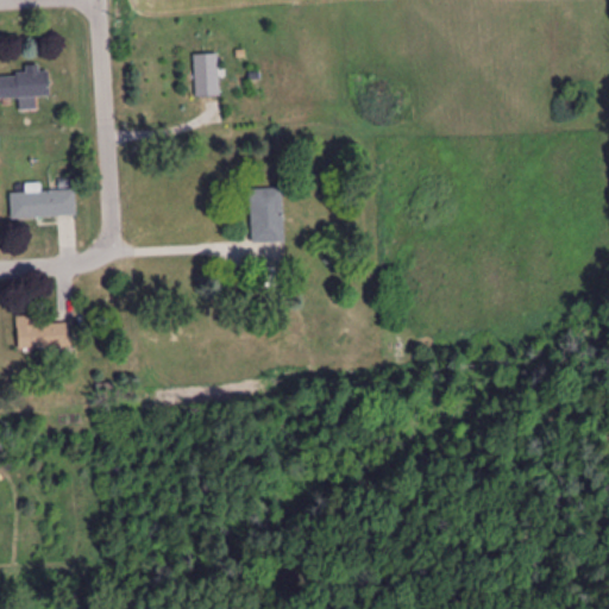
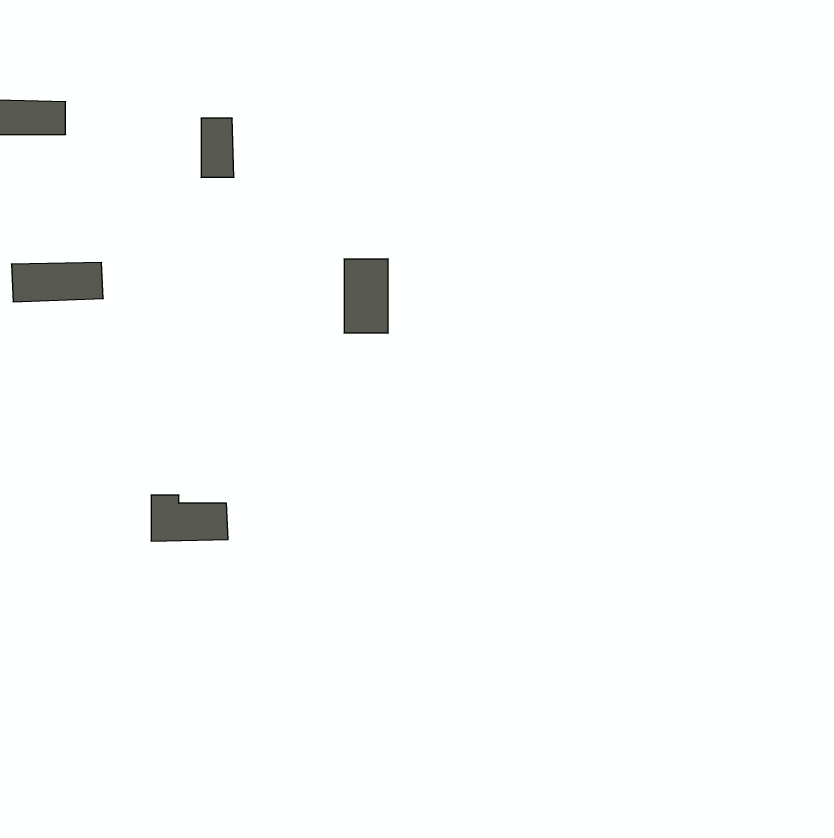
building: [194,54,218,96] -> [201,118,234,177]
building: [17,316,73,350] -> [151,495,228,541]

